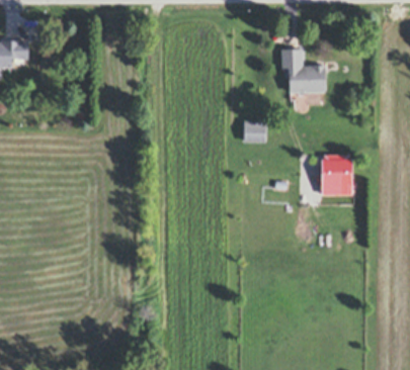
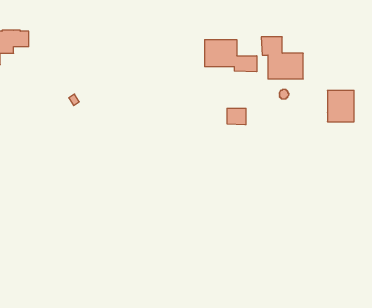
building: none -> [205,40,257,72]
building: [322,158,350,191] -> [327,90,354,122]

